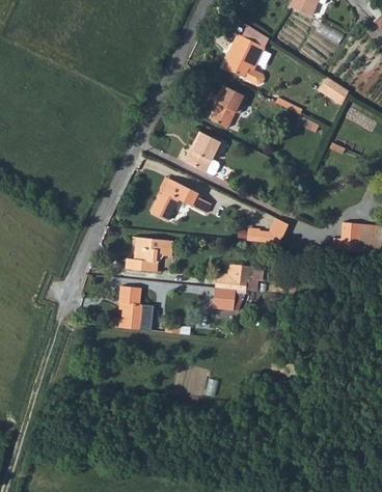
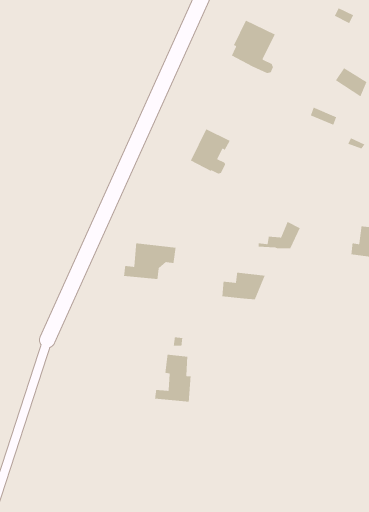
building: [210,85,247,129] -> none
building: [149,180,210,221] -> none
building: [109,285,143,330] -> [154,354,192,403]
building: [213,288,235,310] -> none

